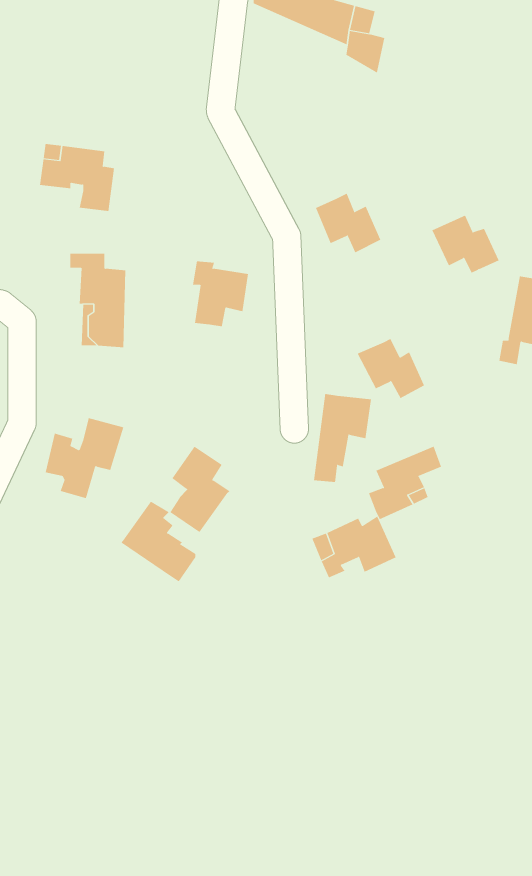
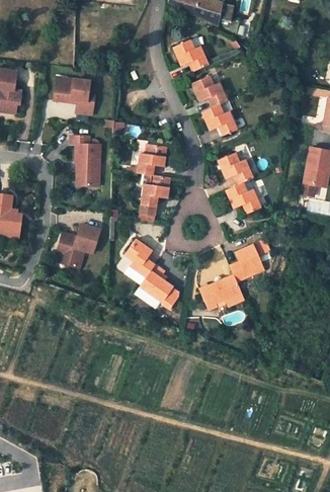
building: none -> [172,39,208,70]
building: none -> [191,75,227,106]
building: [432,215,500,274] -> [217,152,253,183]
building: [313,394,372,482] -> [139,174,170,222]
building: [120,501,196,582] -> [139,264,179,308]

